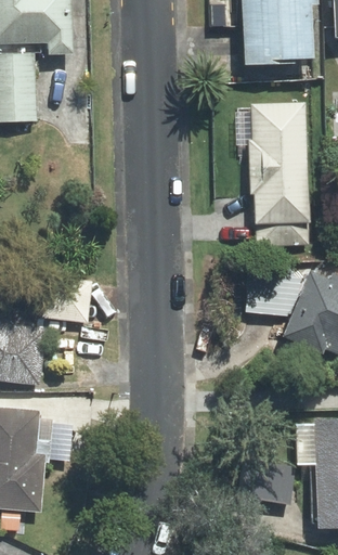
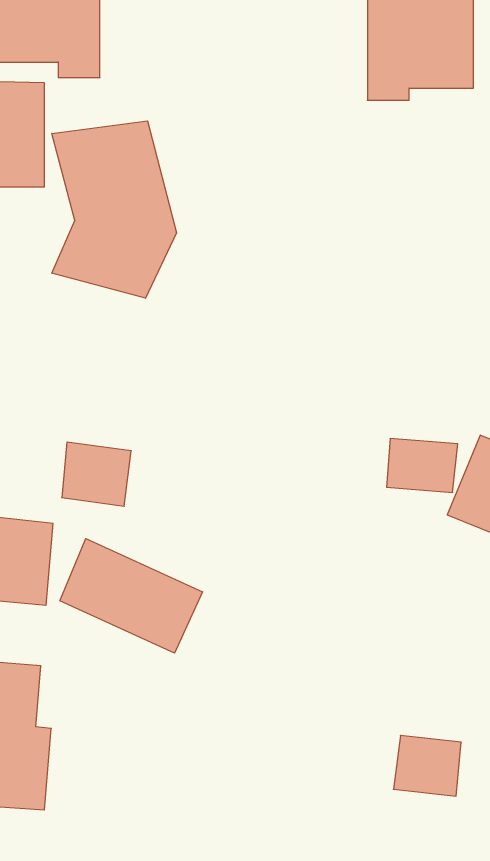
building: none -> [52,121,176,298]
building: [255,107,305,236] -> none
building: none -> [60,539,202,653]

